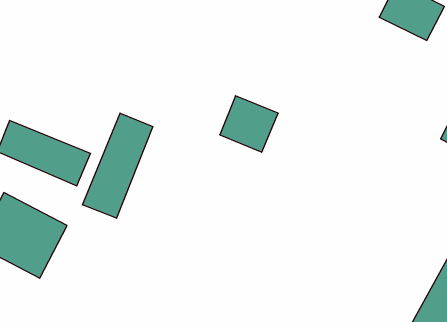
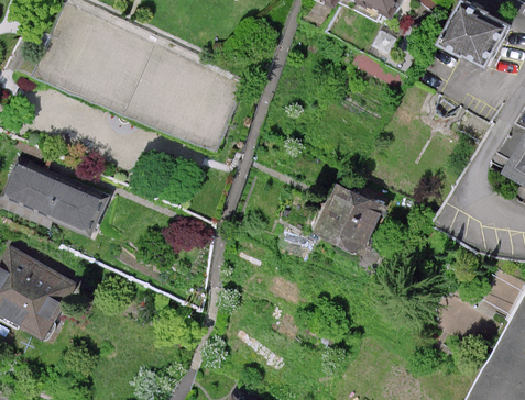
building: [220,96,278,152] -> [316,188,382,252]
building: [82,113,153,218] -> none

